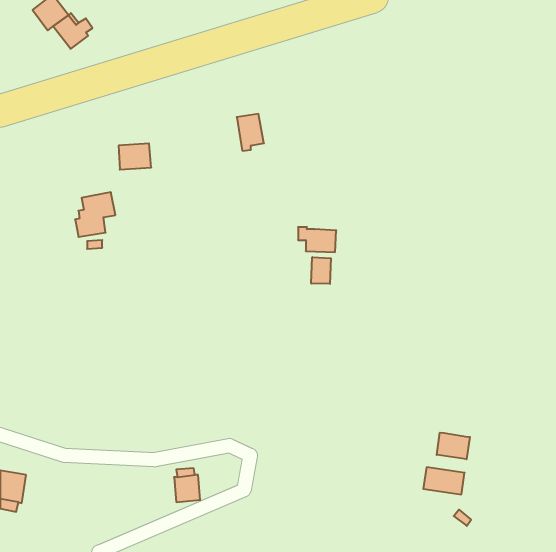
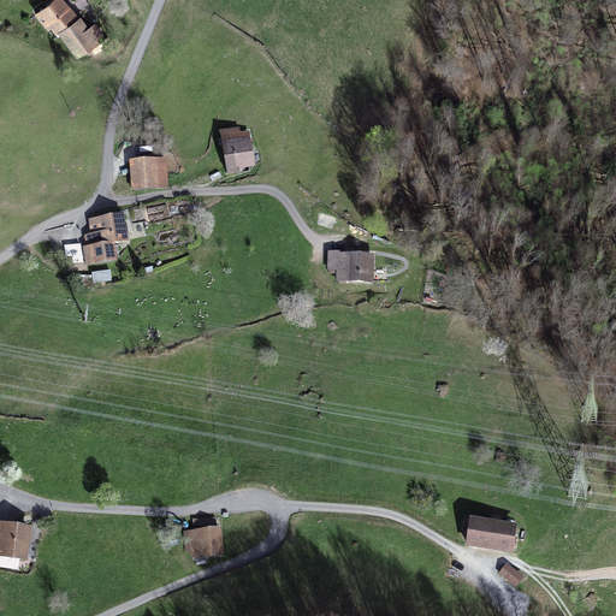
building: [237,114,264,151] -> [223,130,253,171]
building: [311,257,331,284] -> none
building: [437,433,470,459] -> none

